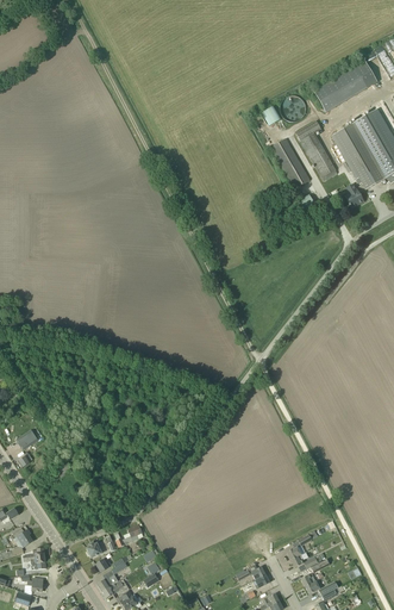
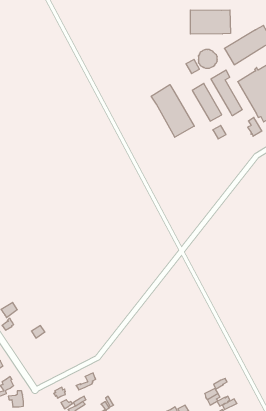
building: none -> [190,10,230,34]
building: none -> [151,85,194,137]

